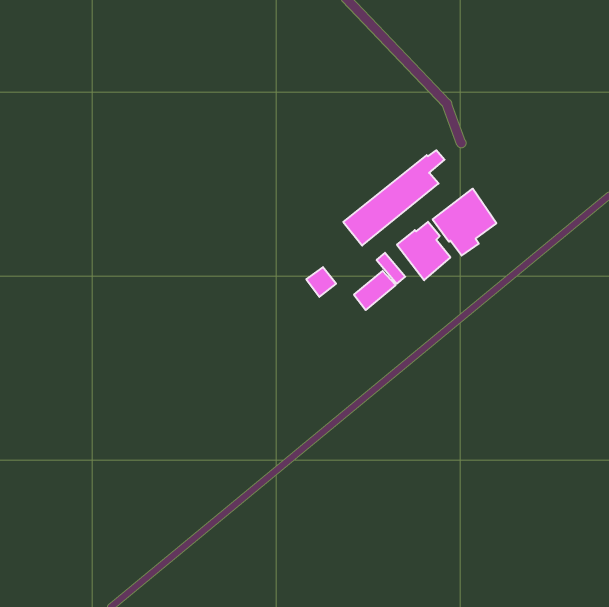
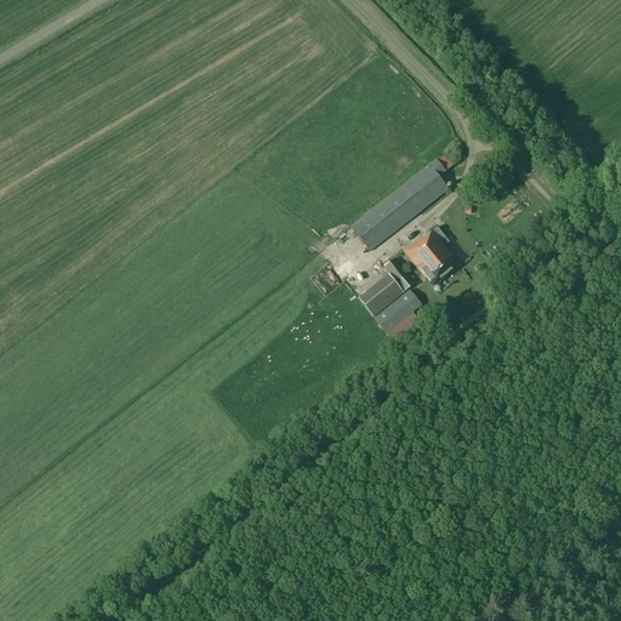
building: [433,189,496,256] -> none
building: none -> [374,289,420,342]

